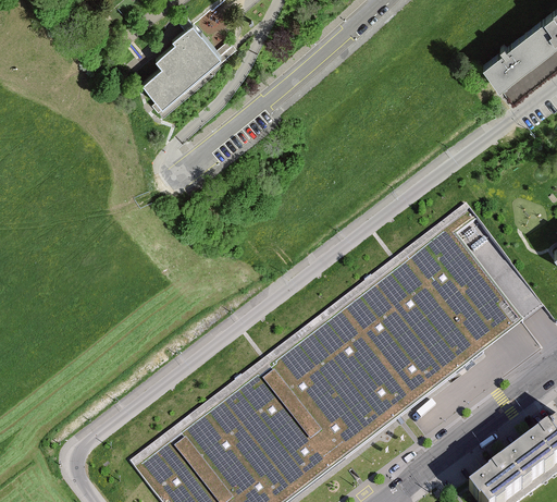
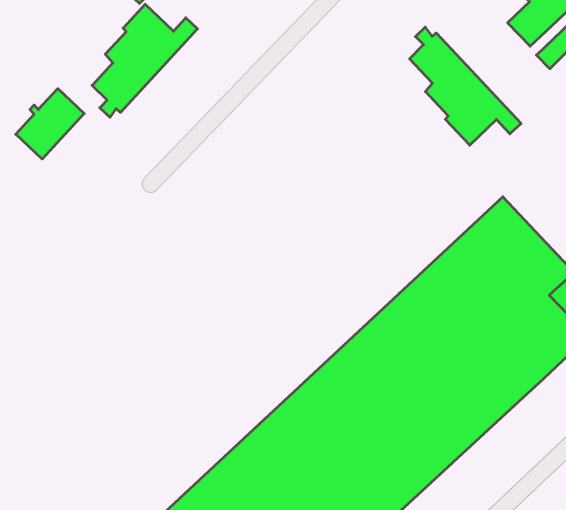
building: none -> [410,27,521,145]
building: none -> [16,89,84,159]

